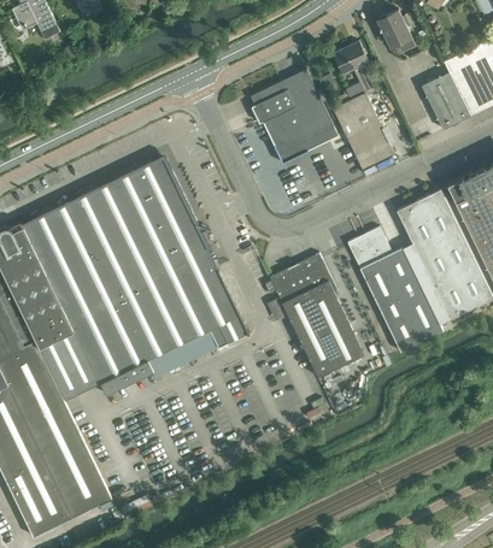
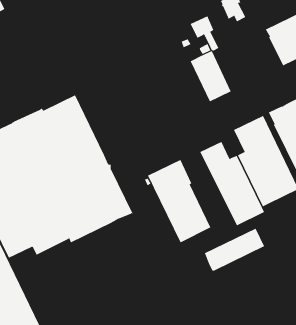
building: [251,70,338,164] -> none
building: [422,73,470,130] -> none
building: none -> [204,228,265,271]

